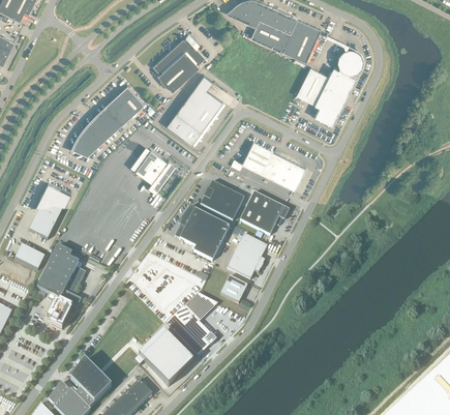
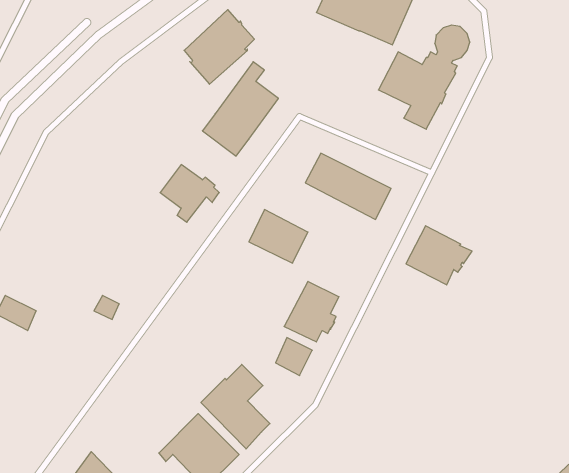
building: [71,84,143,155] -> none
building: [28,182,70,240] -> none
building: [239,192,288,236] -> [406,226,472,285]
building: [174,207,229,262] -> none
building: [36,247,85,329] -> none

